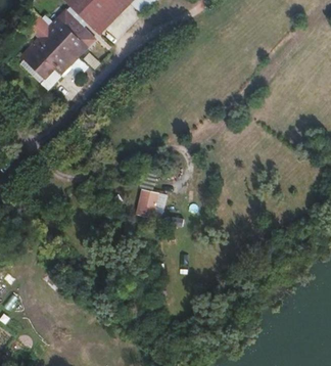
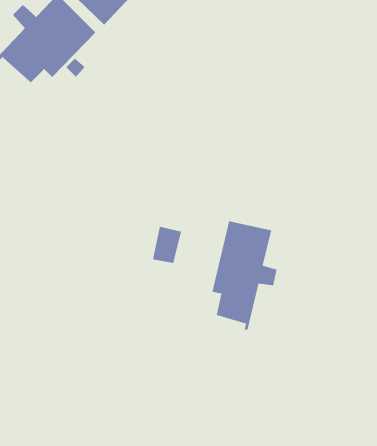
building: none -> [212,221,277,330]

